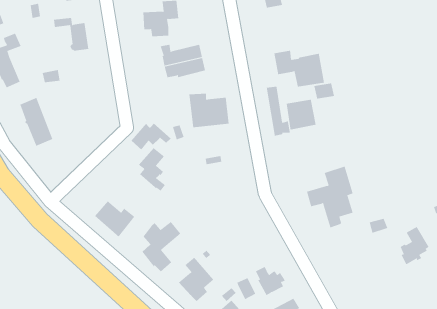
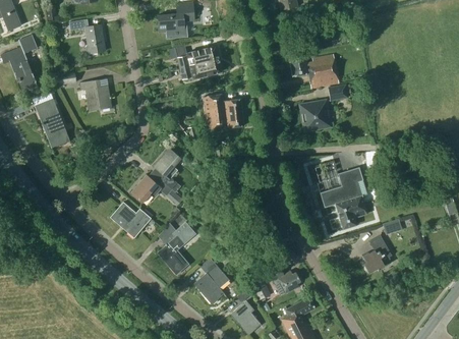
building: none -> [79,78,111,111]
building: [266,86,291,136] -> none
building: [130,123,171,151] -> [131,175,172,203]
building: [400,226,429,265] -> [362,235,392,274]

